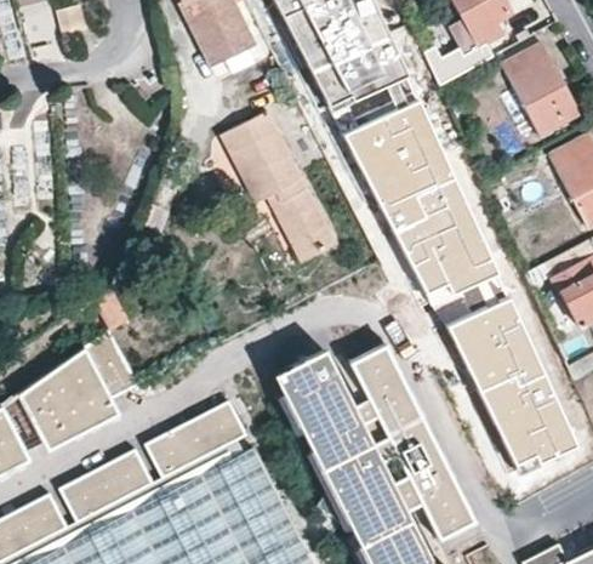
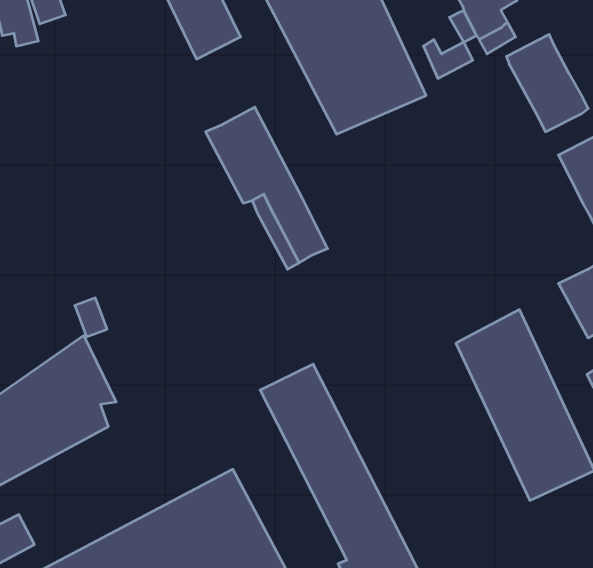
building: [343,99,514,331] -> none
building: [346,340,466,526] -> none
building: [142,398,239,473] -> none
building: [62,449,143,511] -> none

